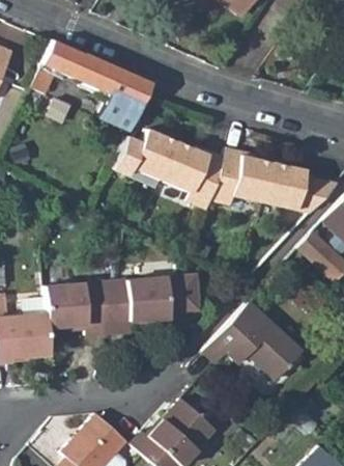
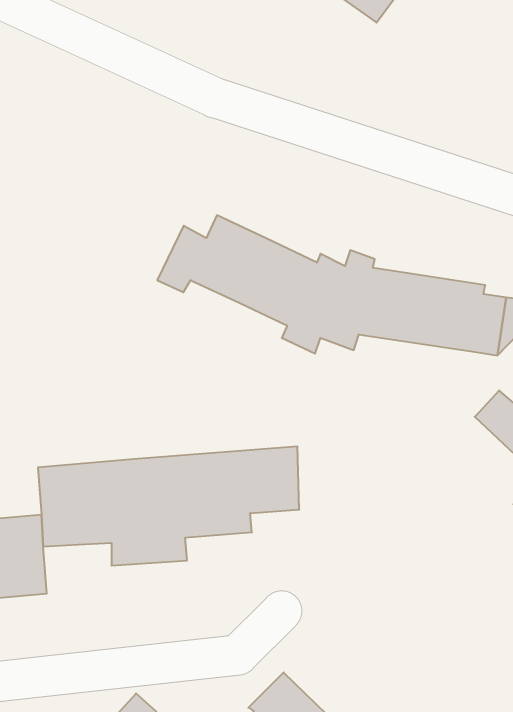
building: [32,39,150,131] -> none
building: [204,302,303,380] -> none

